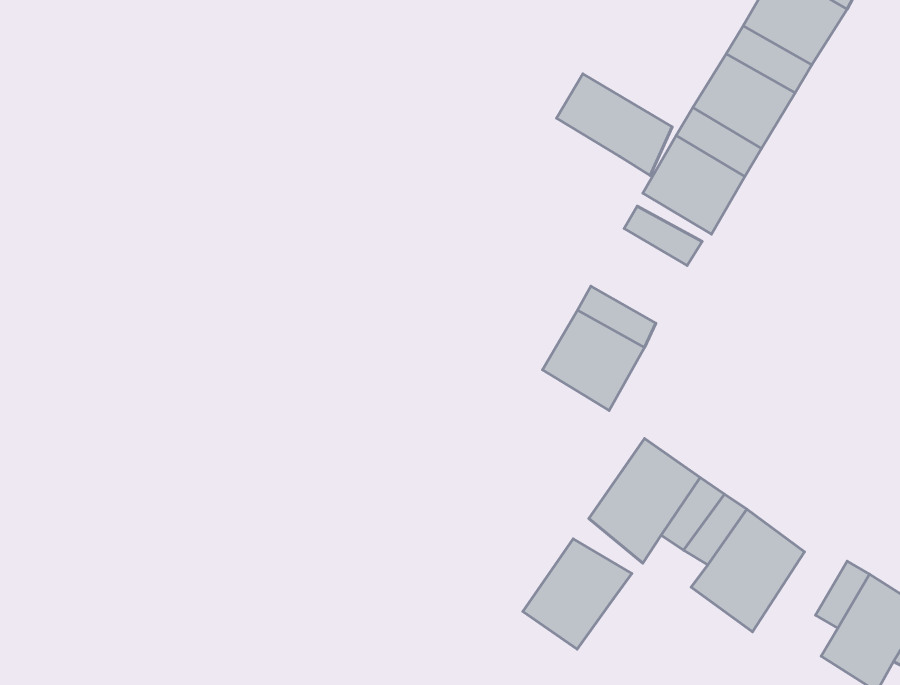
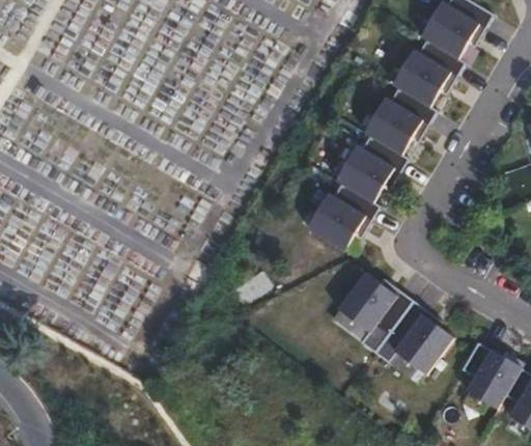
building: [557,74,672,175] -> none
building: none -> [335,151,389,204]
building: [523,539,632,649] -> none

